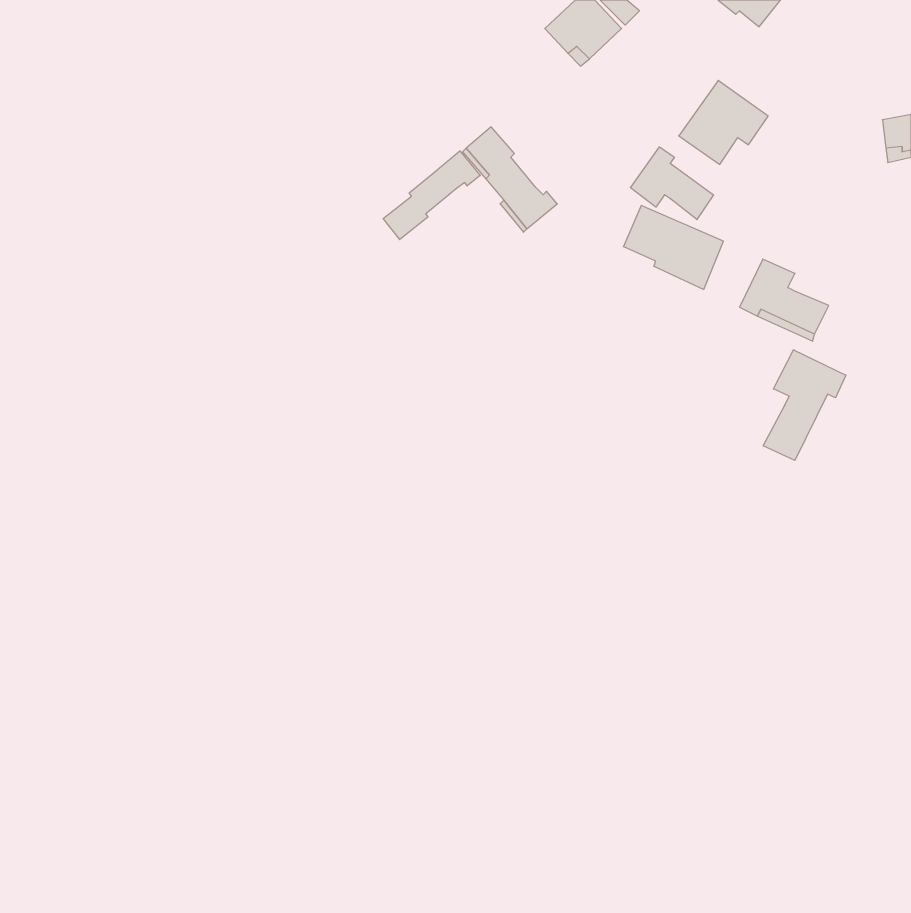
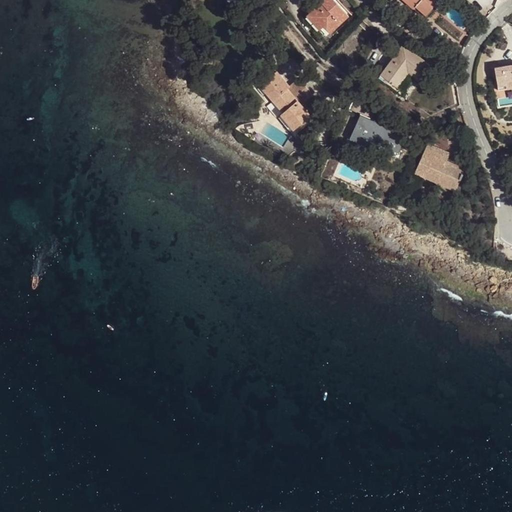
building: [630,147,714,220] -> none
building: [383,151,480,240] -> none
building: [763,350,846,460] -> none

